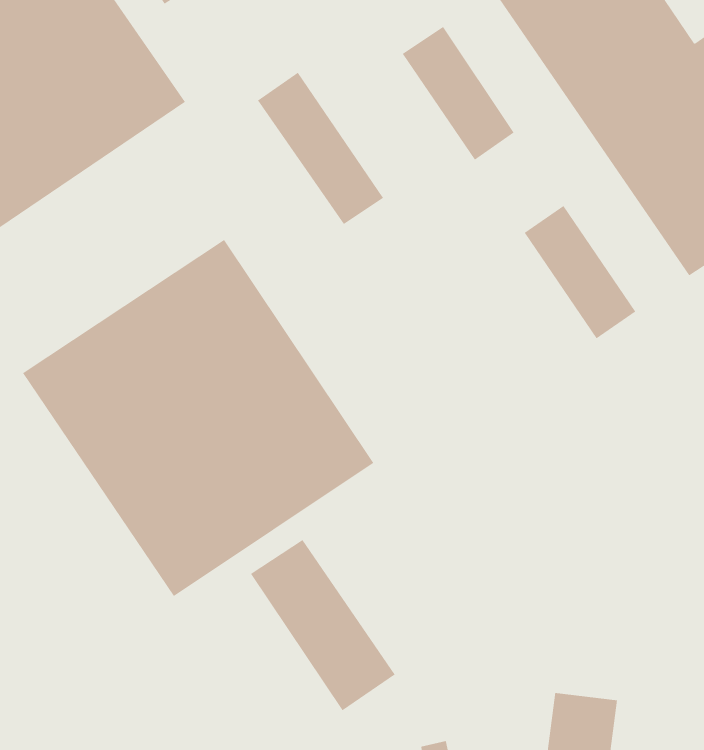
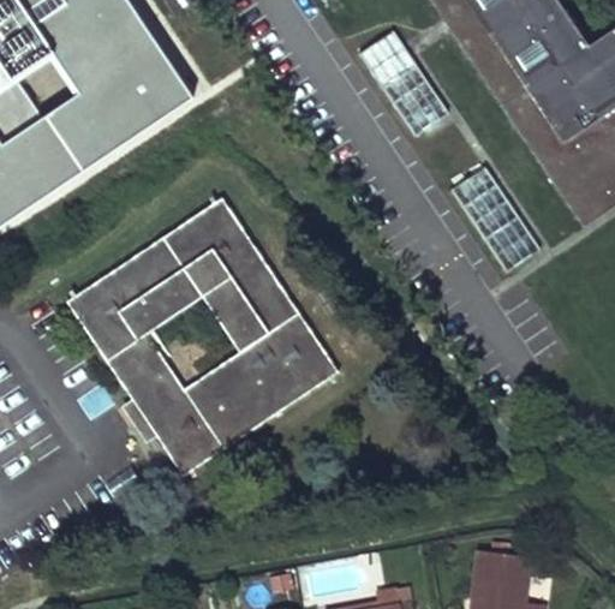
building: [257,72,384,225] -> none
building: [250,539,395,711] -> none

